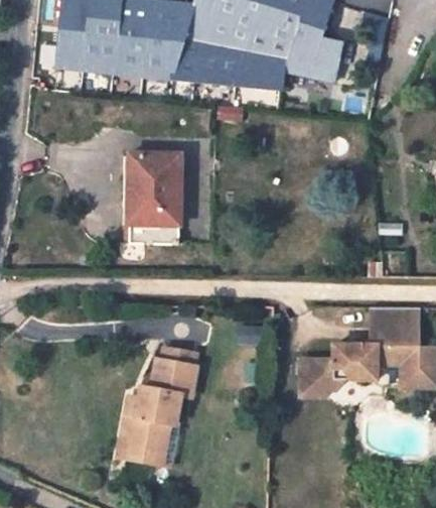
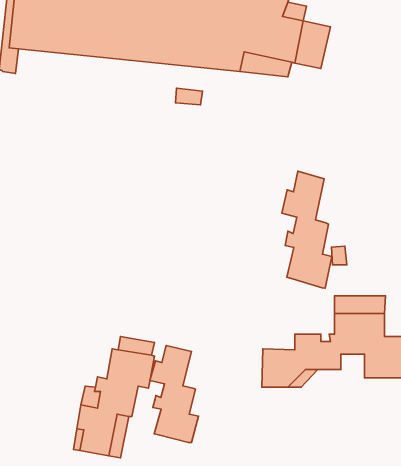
building: [129,152,179,243] -> none
building: none -> [282,171,332,288]
building: none -> [150,345,198,443]

